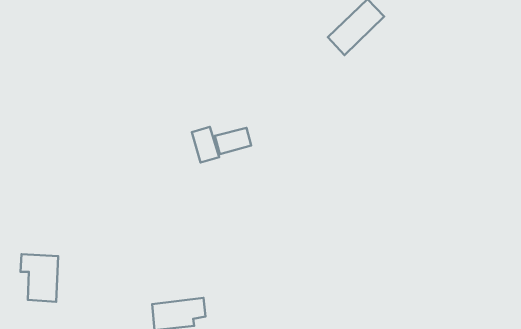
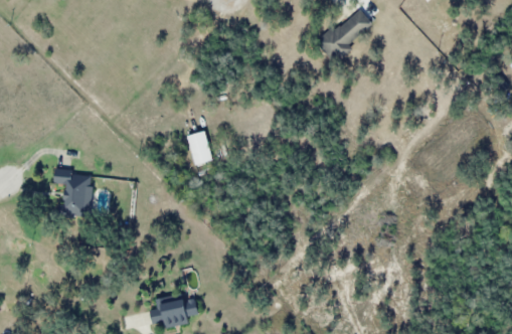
building: [215,128,251,154] -> none
building: [21,254,58,302] -> [54,170,91,216]

